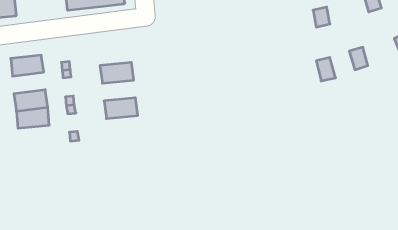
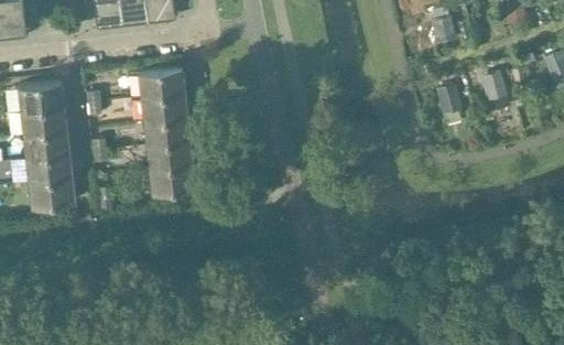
building: none -> [138,68,183,97]
building: none -> [20,106,65,136]
building: none -> [143,117,188,145]
building: none -> [149,165,194,193]
building: none -> [28,179,74,207]

